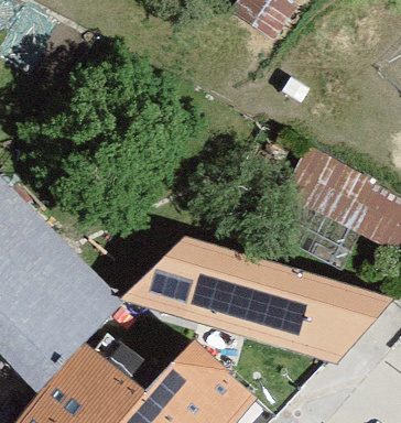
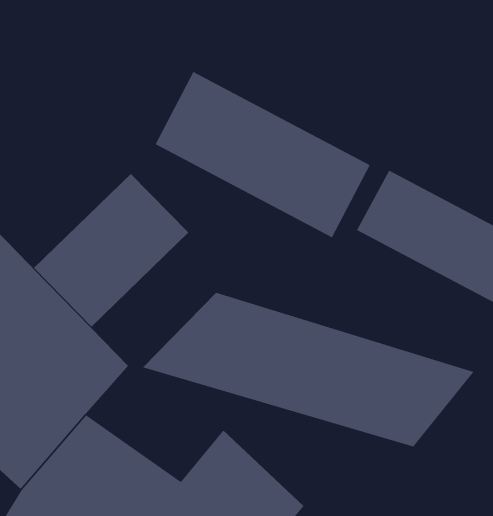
building: none -> [155,71,371,238]
building: none -> [33,173,189,327]

